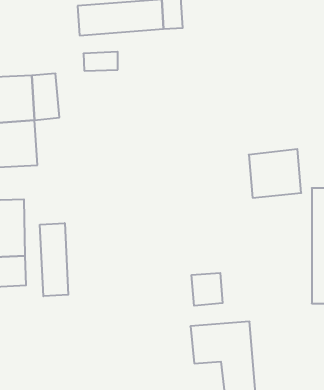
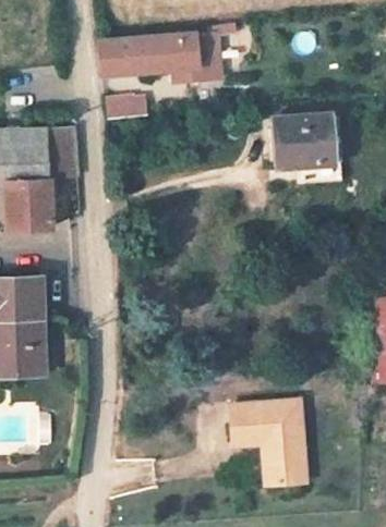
building: [249,149,301,198] -> [270,114,330,170]
building: [40,223,68,296] -> none
building: [192,273,223,306] -> none

